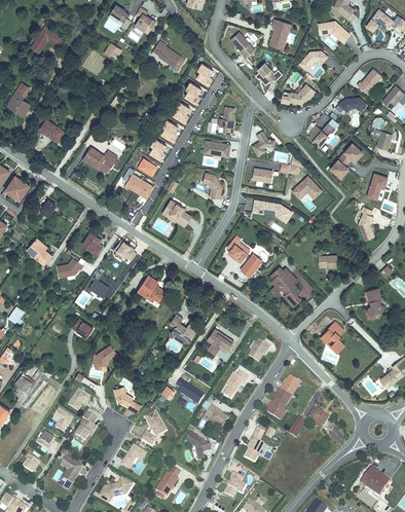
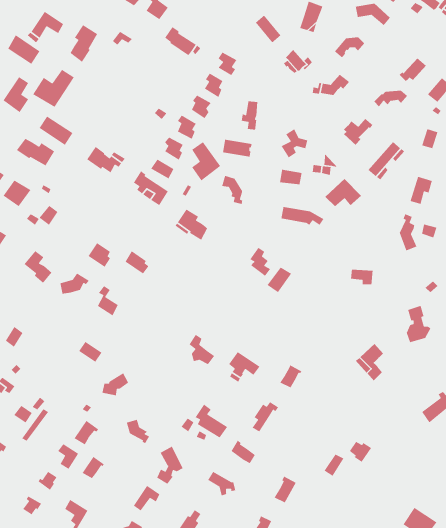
building: none -> [70,24,98,63]
building: none -> [7,34,41,65]
building: none -> [32,69,75,108]
building: none -> [16,138,55,166]
building: none -> [191,141,221,182]
building: [263,262,296,302] -> none
building: [138,273,167,307] -> none
building: [269,376,300,422] -> none

